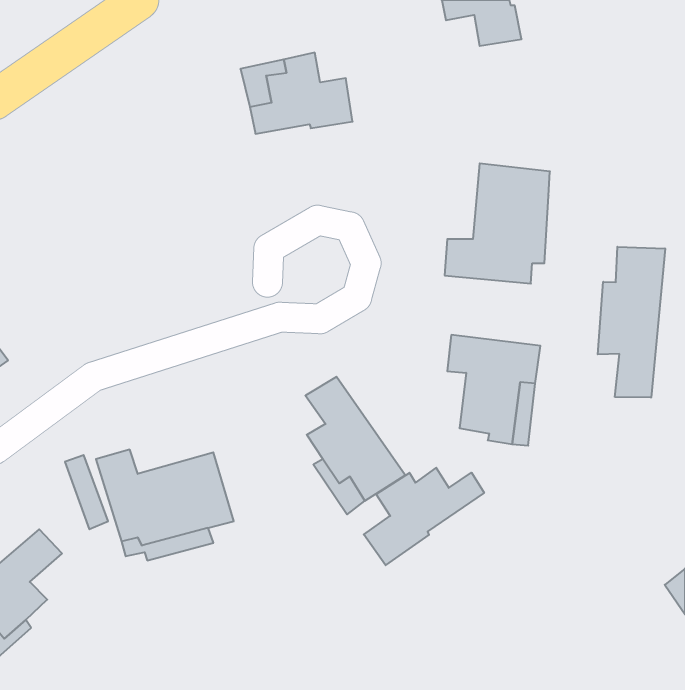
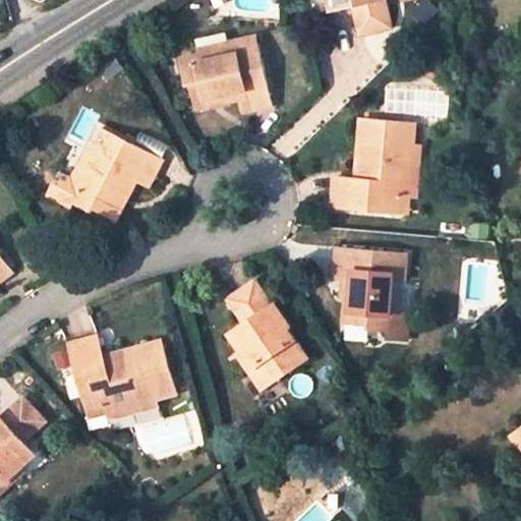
building: none -> [44,123,156,212]
building: [598,247,665,398] -> none
building: [364,468,484,565] -> none

